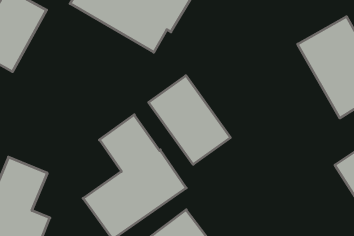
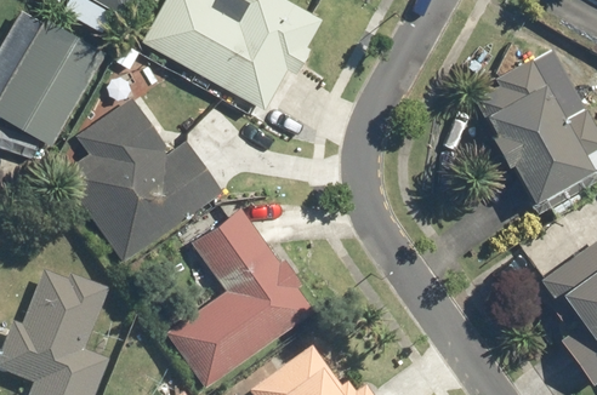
building: none -> [56,93,217,257]
building: [149,76,230,164] -> none

